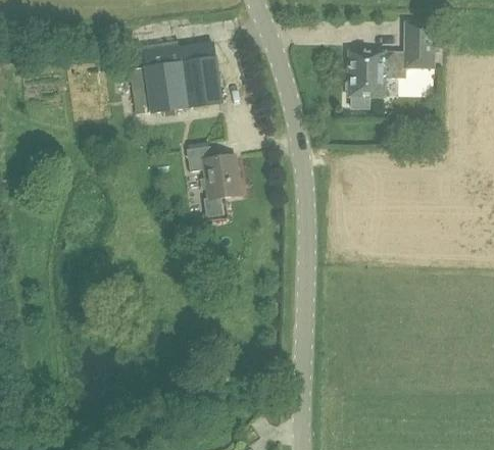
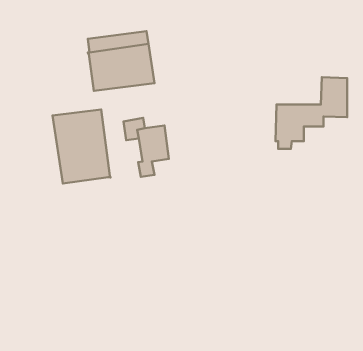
building: [348,18,434,104] -> [276,77,347,149]
building: none -> [53,109,110,183]

